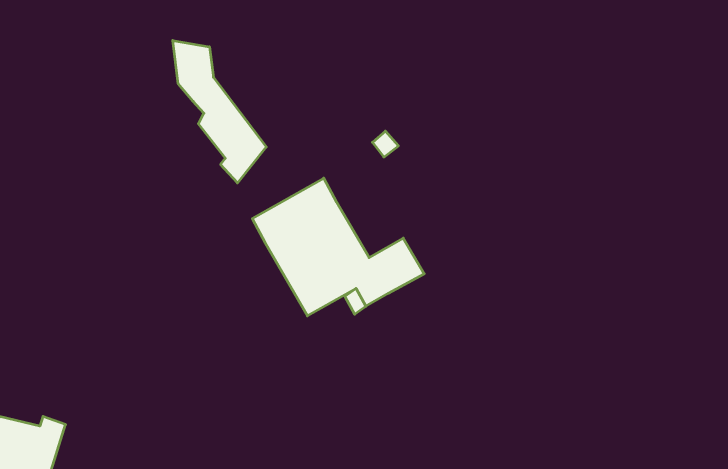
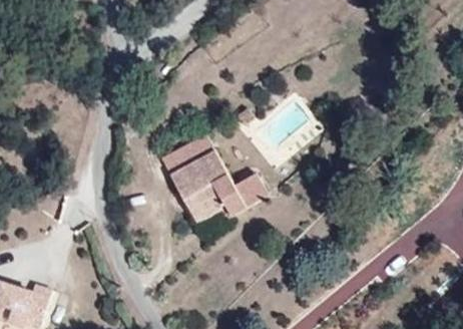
building: [173,40,266,183] -> none

